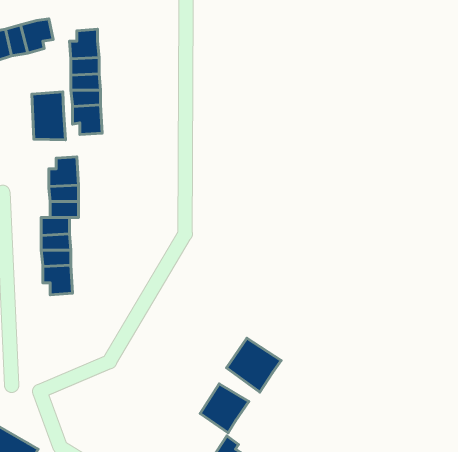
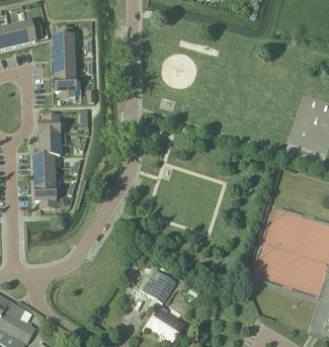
building: [32,92,65,140] -> none
building: [226,338,281,392] -> none

